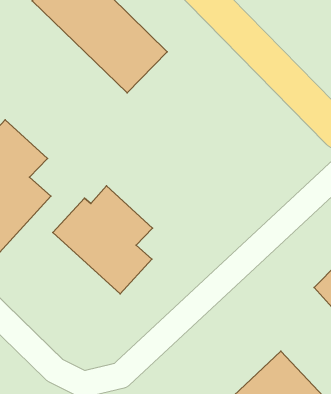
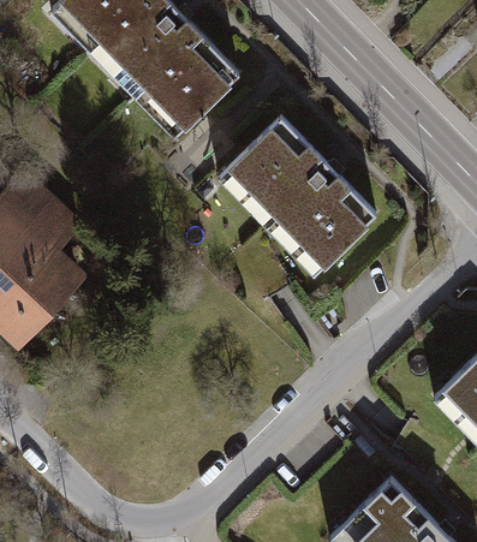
building: none -> [225,113,374,263]
building: [53,186,152,294] -> none

